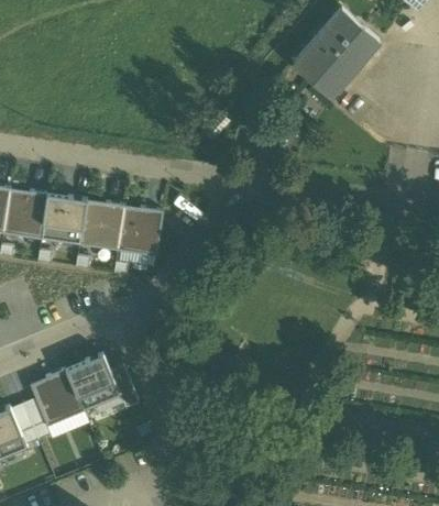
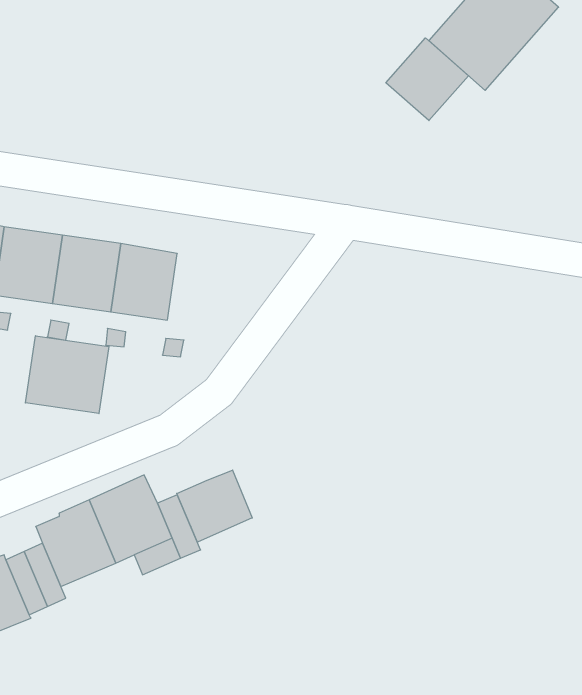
building: none -> [386,38,469,121]
building: [119,205,164,254] -> none
building: none -> [25,336,109,414]
building: none -> [177,470,252,542]

